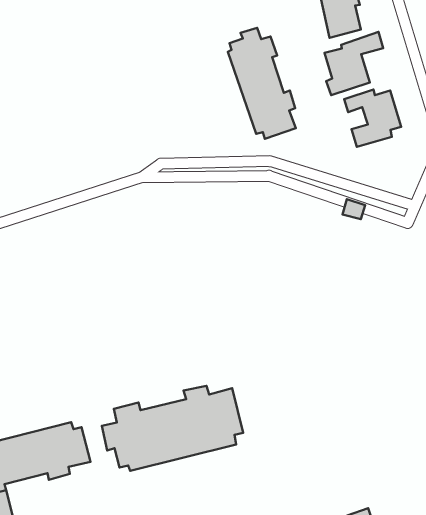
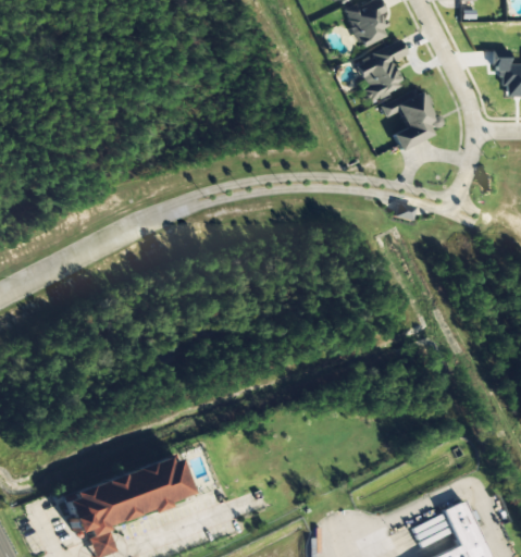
building: [228,28,296,139] -> none
building: [102,386,243,471] -> none

